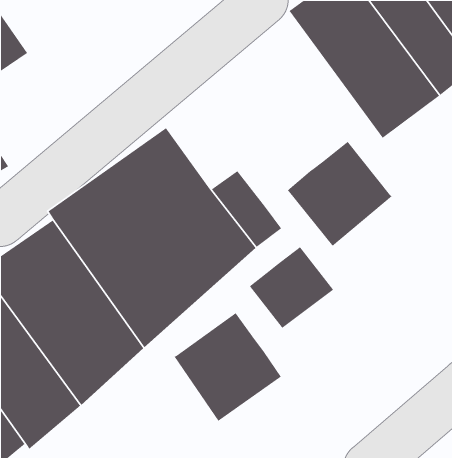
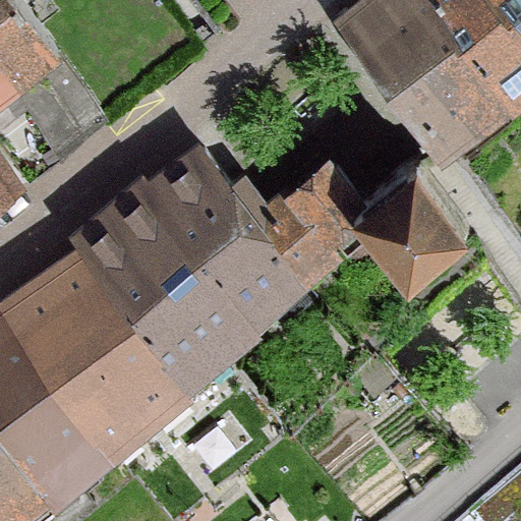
building: none -> [281,161,361,240]
building: [249,246,334,329] -> none
building: [174,312,282,422] -> none

